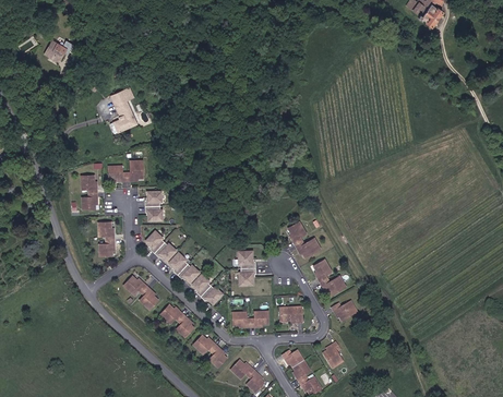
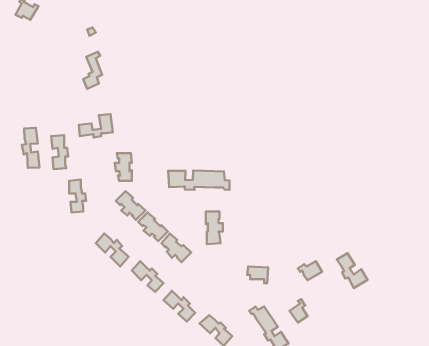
building: none -> [22,128,40,168]
building: none -> [168,171,230,190]
building: [286,226,319,262] -> none
building: [314,263,346,299] -> [337,253,368,288]
building: [232,314,268,330] -> none

